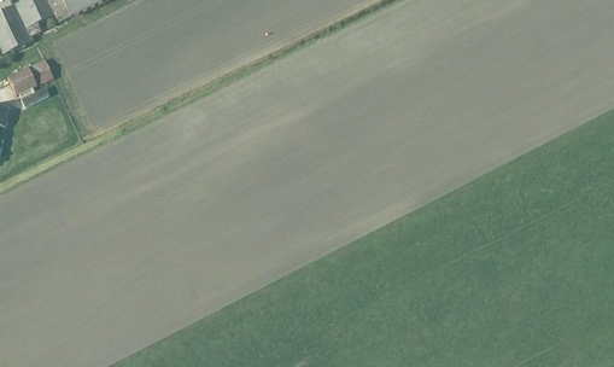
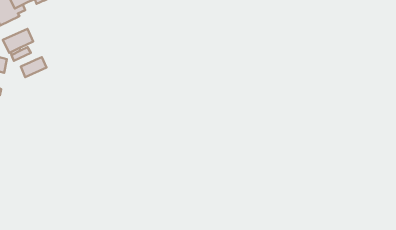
building: none -> [21,57,47,77]

